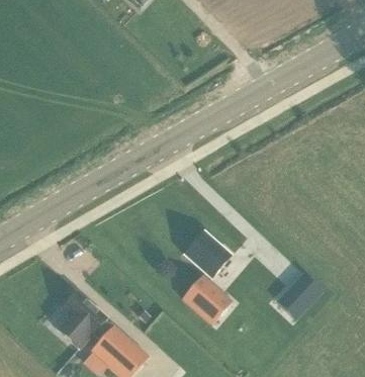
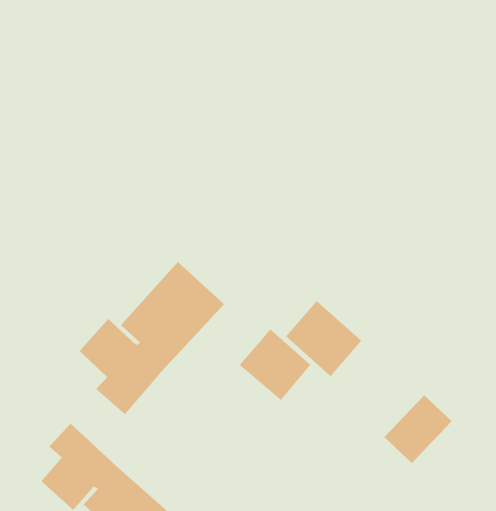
building: none -> [79,261,225,415]
building: [183,275,233,324] -> [285,300,362,377]

